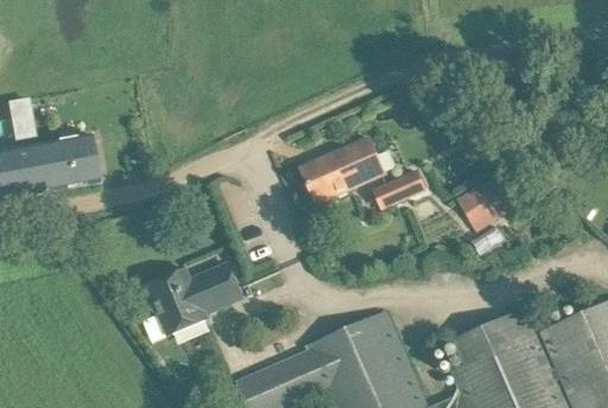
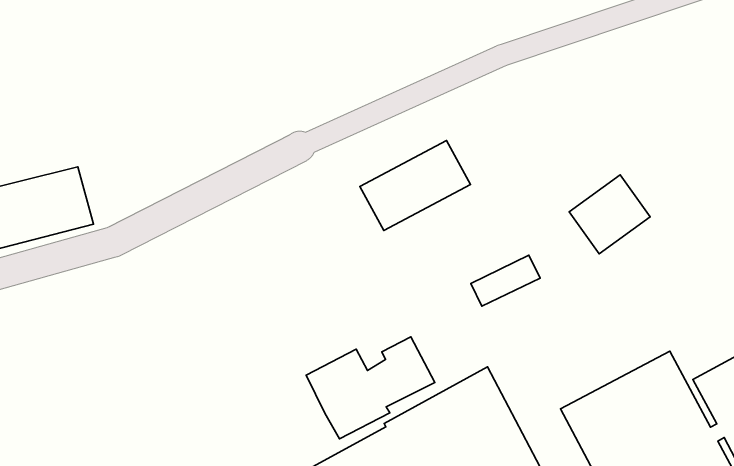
building: [378,171,430,206] -> [471,255,540,306]
building: [146,263,242,336] -> [306,337,435,439]

